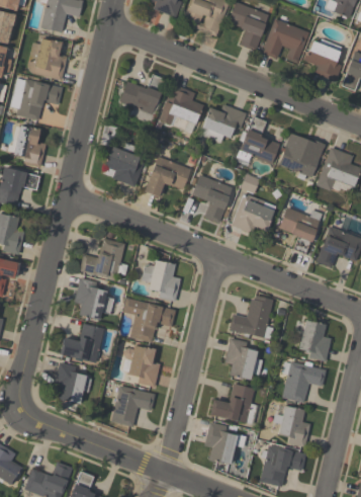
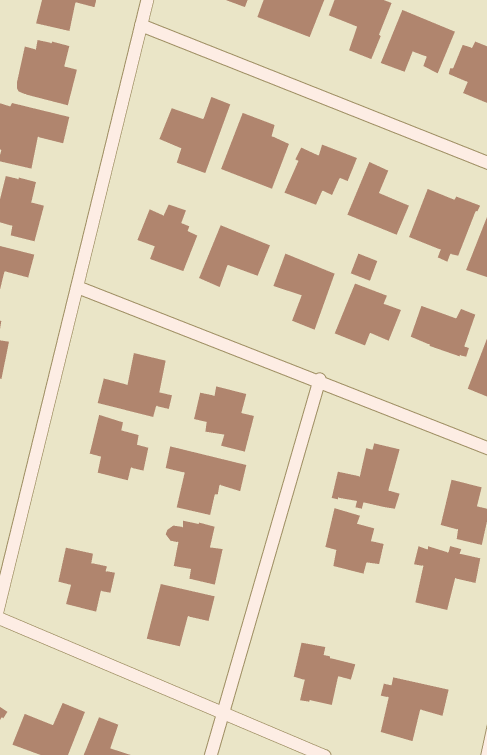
building: [60,324,104,363] -> none
building: [210,384,258,424] -> none
building: [273,405,310,447] -> none

